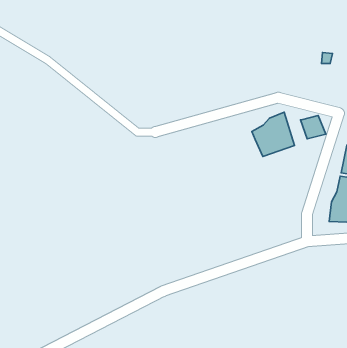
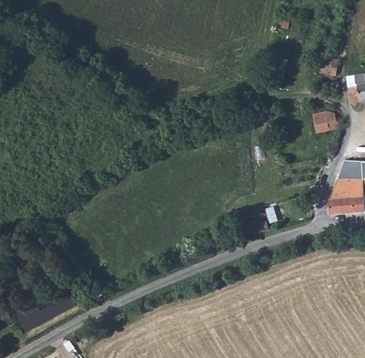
building: [252,112,294,157] -> none

